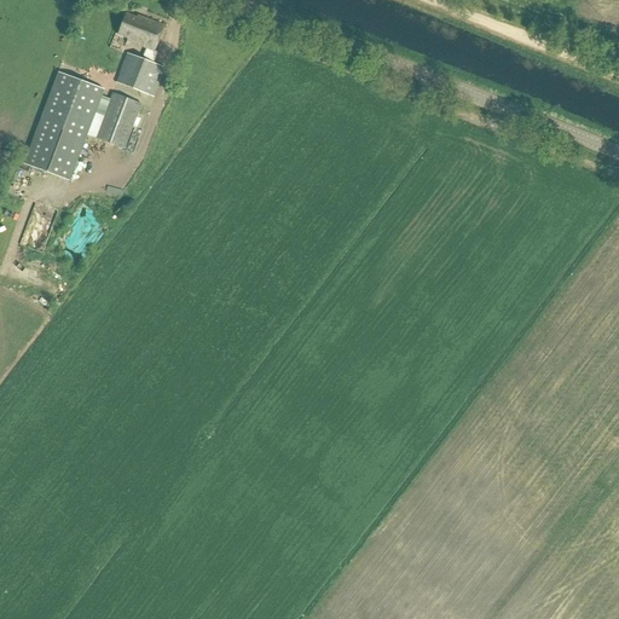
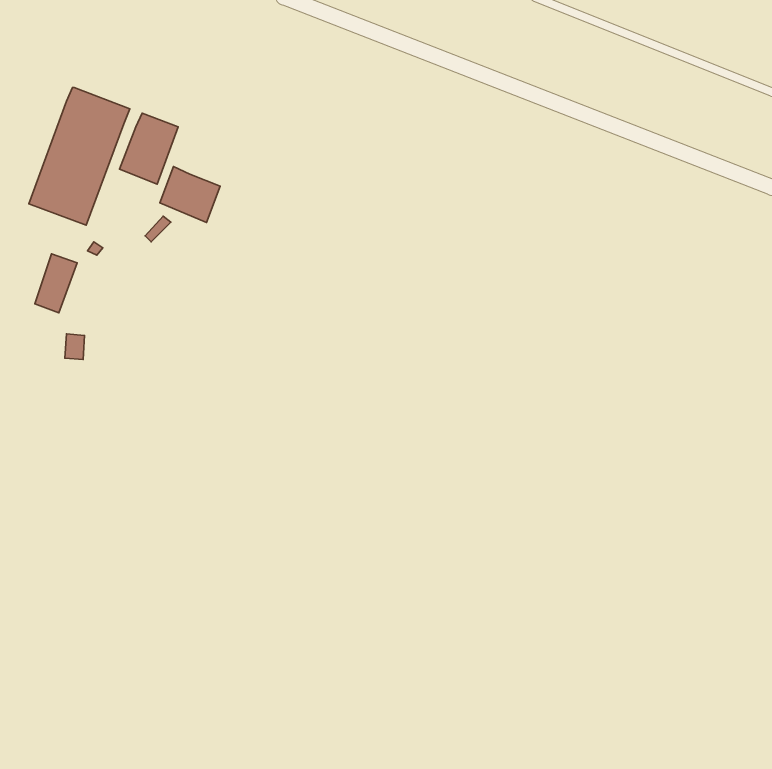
building: [118,11,164,48] -> none
building: [117,51,166,96] -> [160,167,220,223]

